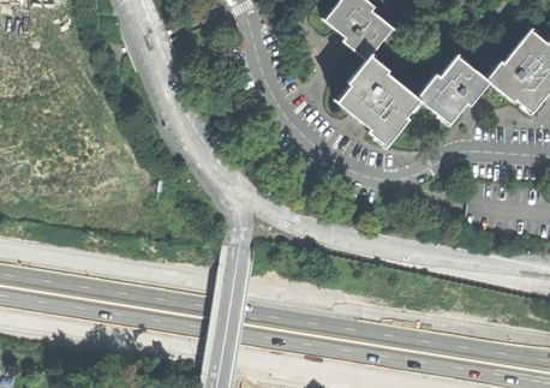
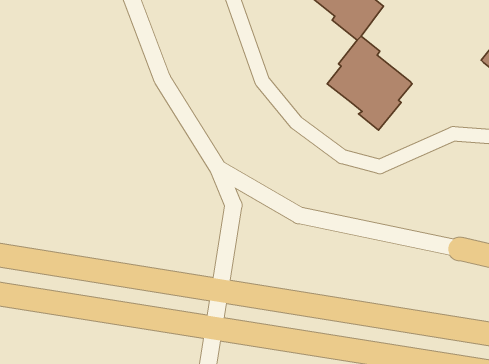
building: [418,58,489,124] -> none

